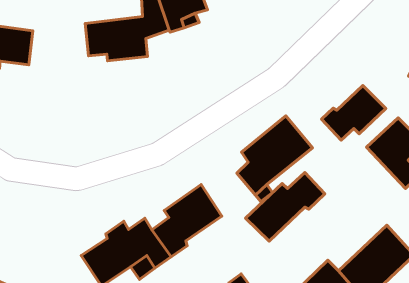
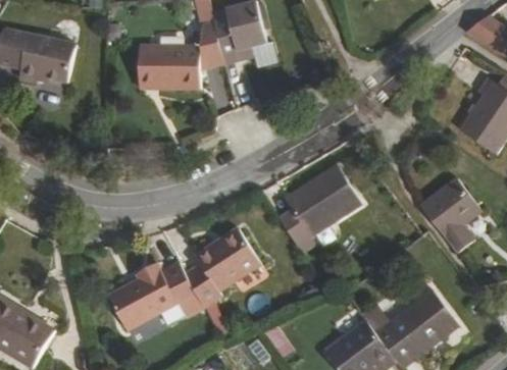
building: [322,85,386,140] -> none
building: [245,173,325,241] -> none

